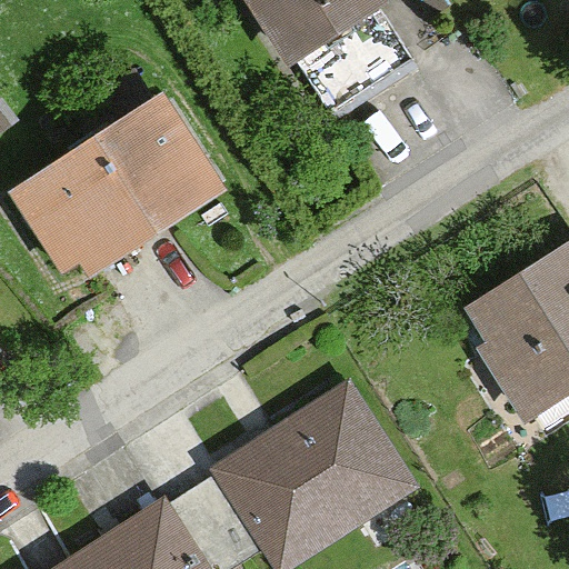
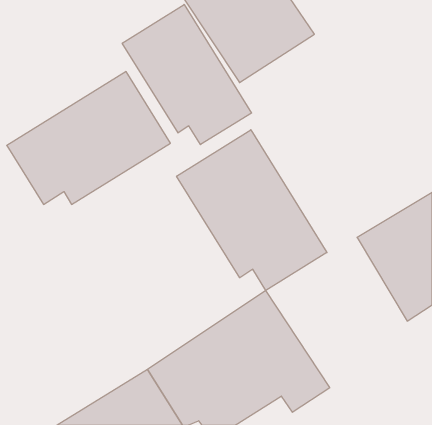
building: none -> [122,4,252,145]
building: none -> [177,130,327,290]

